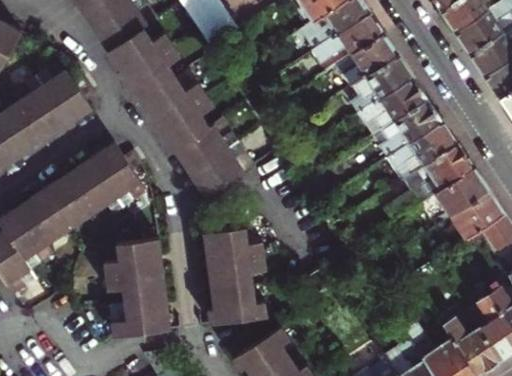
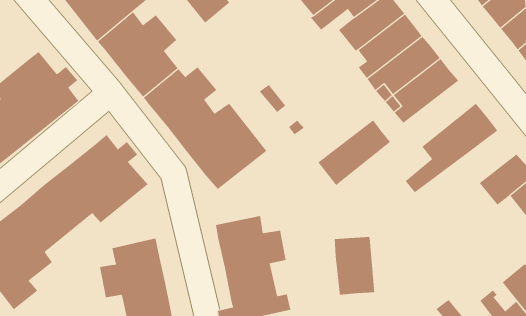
building: [386,121,455,179] -> [318,120,391,186]
building: [436,170,488,217] -> none
building: none -> [334,236,375,295]

